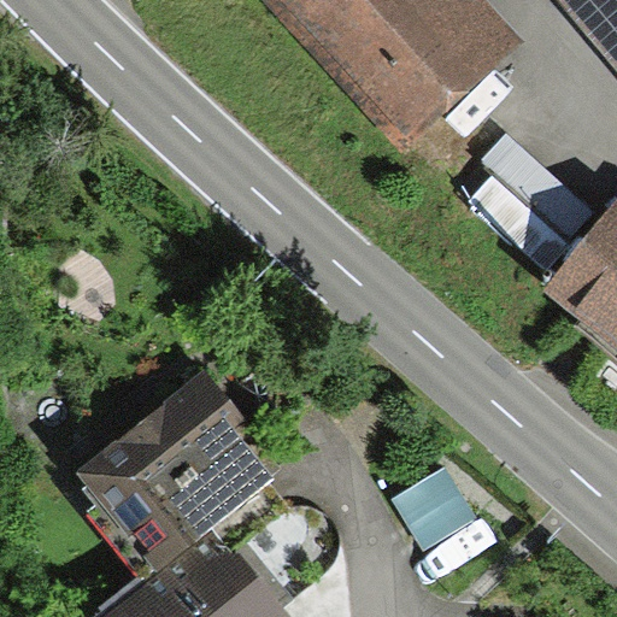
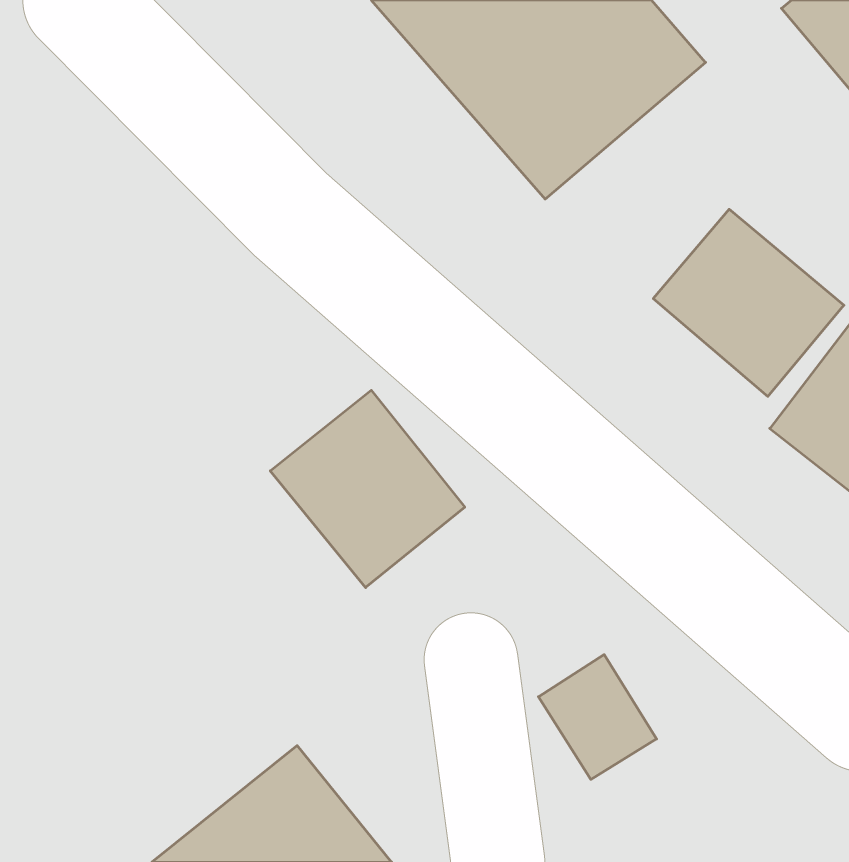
building: none -> [270,390,465,588]
building: [81,382,271,565] -> none

